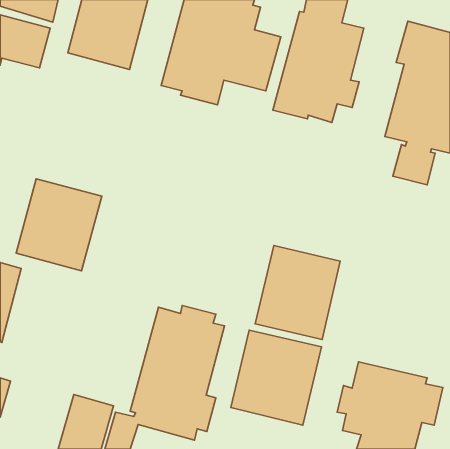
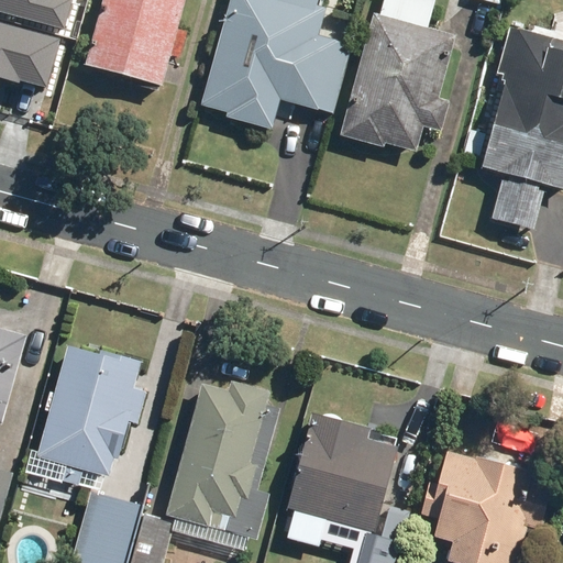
building: [16,179,102,271] -> none
building: [255,246,340,339] -> none
building: none -> [35,345,147,479]

